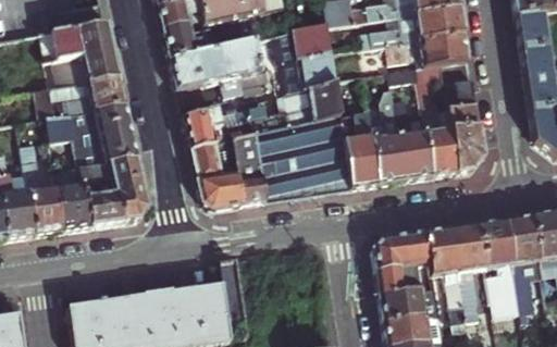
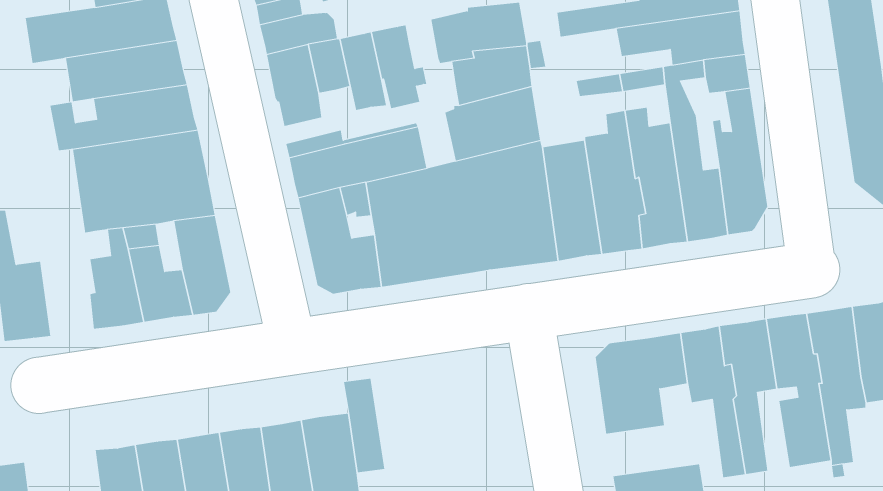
building: [25,142,64,234] -> none
building: [382,286,441,321] -> none

